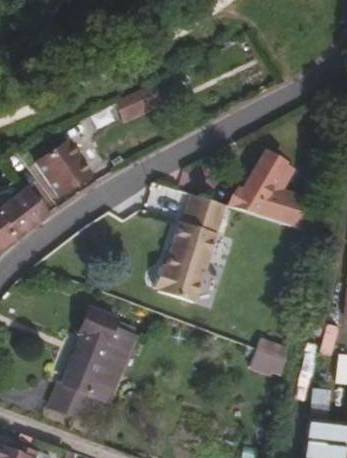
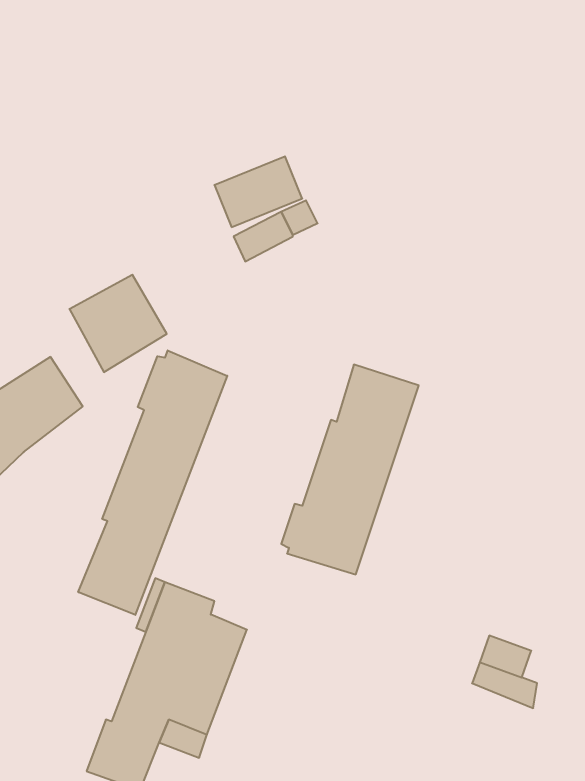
building: [223,151,303,228] -> none
building: none -> [78,350,227,615]

